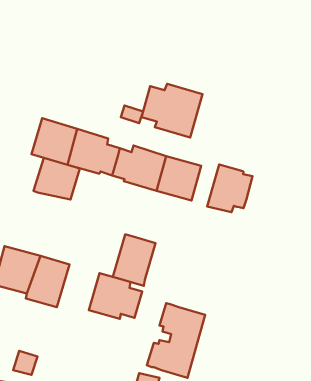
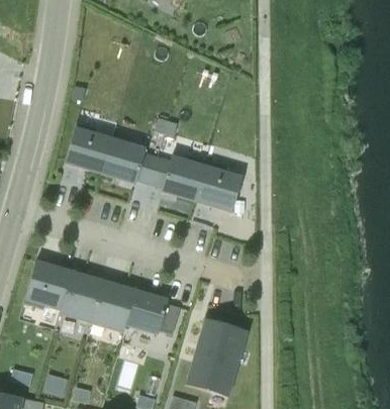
building: [141,84,202,137] -> none
building: [33,158,80,200] -> none
building: [207,165,252,212] -> none
building: [113,234,155,286] -> [91,279,135,332]

